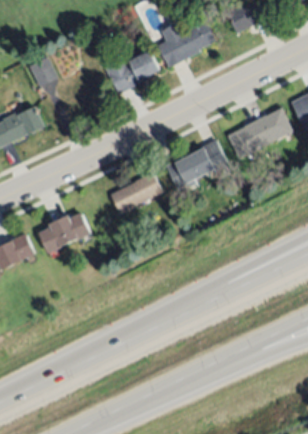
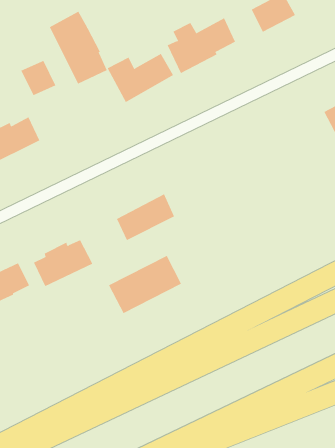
building: none -> [49,11,108,84]
building: [230,112,294,159] -> none
building: [165,140,229,191] -> [108,255,182,314]

